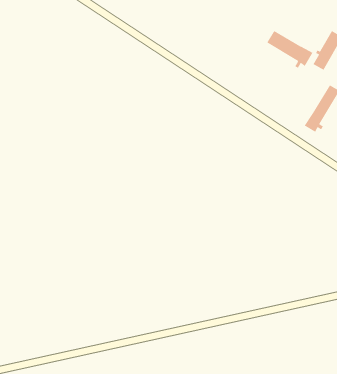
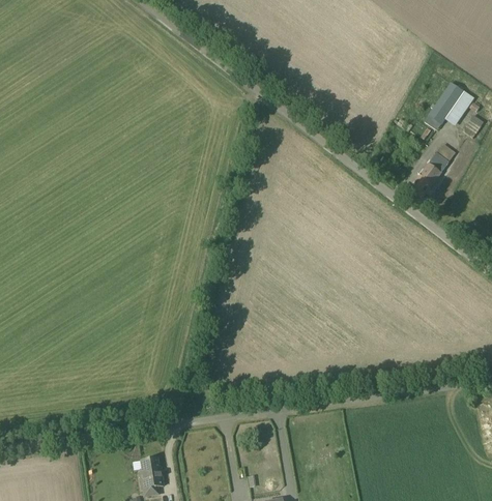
building: [266,30,313,68] -> none

